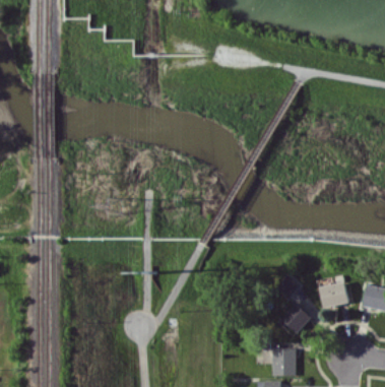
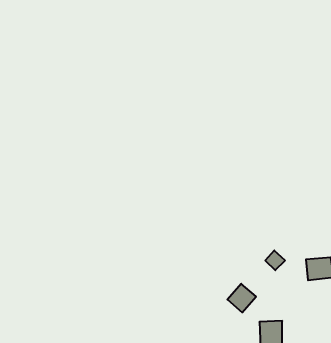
building: [281,303,311,332] -> [227,284,256,312]

